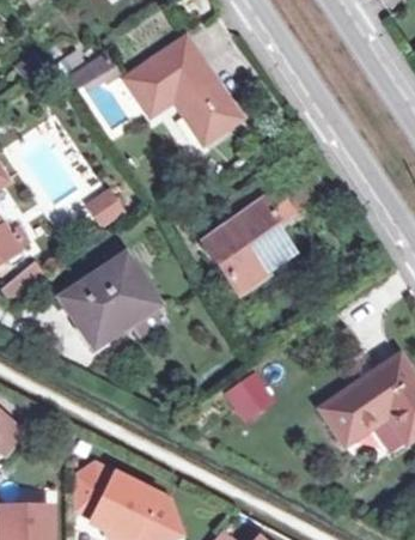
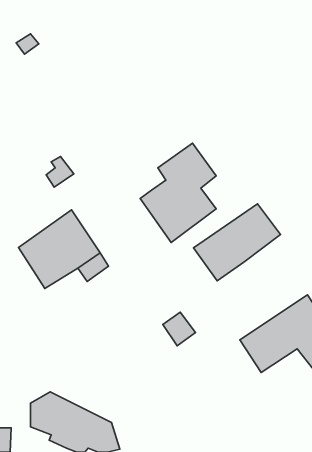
building: [126,38,240,144] -> none
building: none -> [193,204,281,281]

